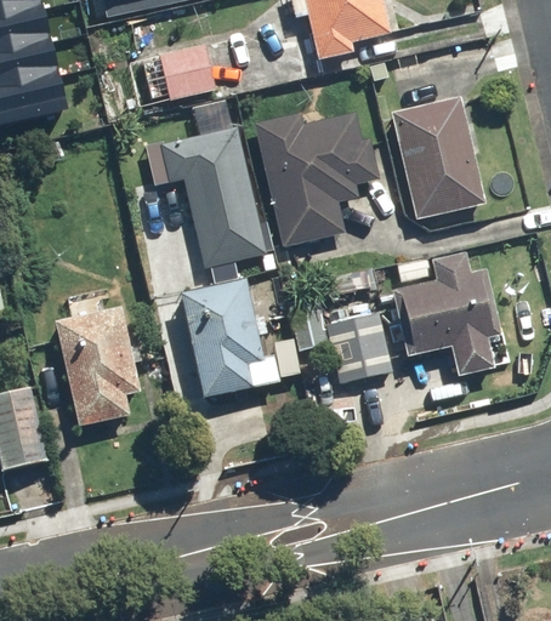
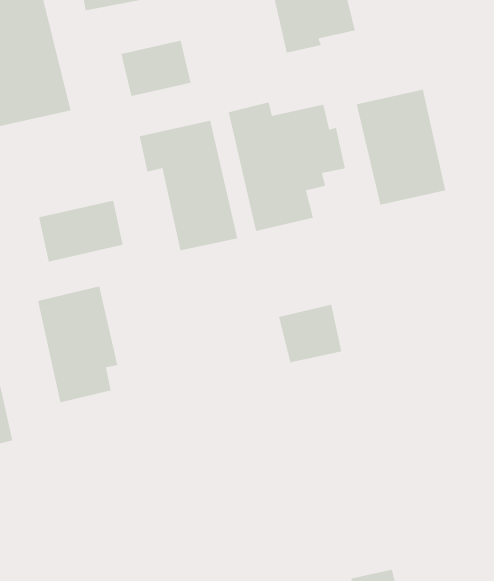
building: none -> [38,200,124,262]
building: [393,251,500,376] -> none
building: [178,275,268,399] -> none

